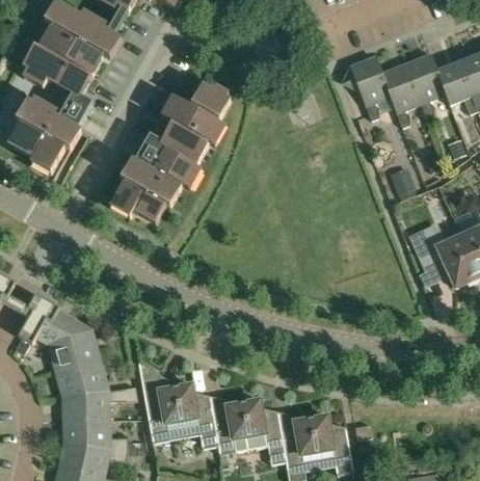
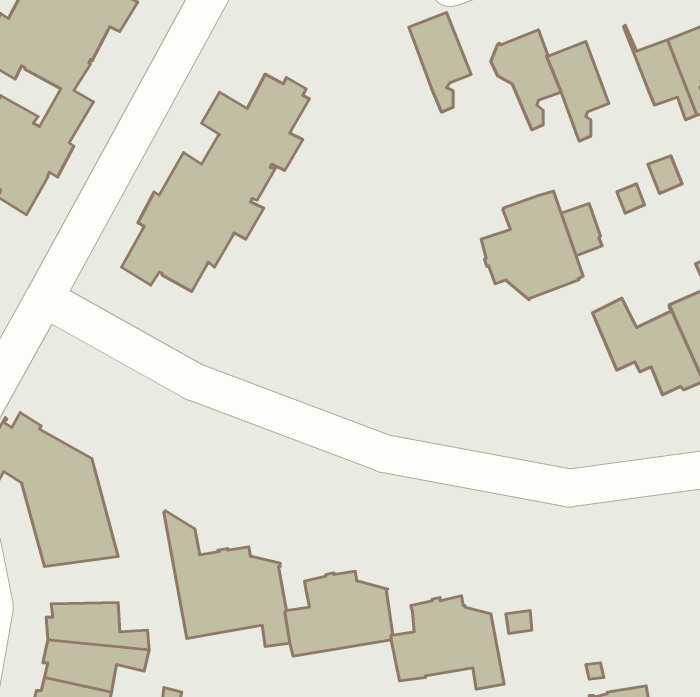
building: [405,53,445,116] -> [409,12,471,112]
building: none -> [481,191,583,300]
building: [61,385,137,420] -> none

